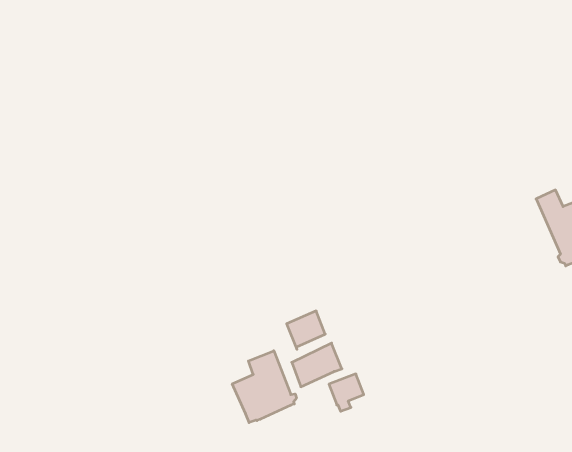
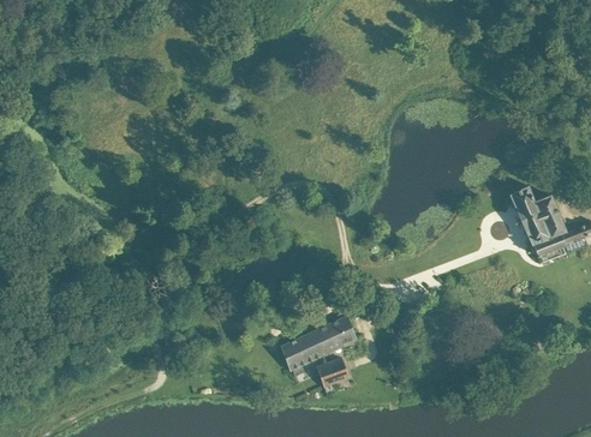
building: [287,311,325,349] -> [320,318,356,354]
building: [232,351,296,423] -> none

